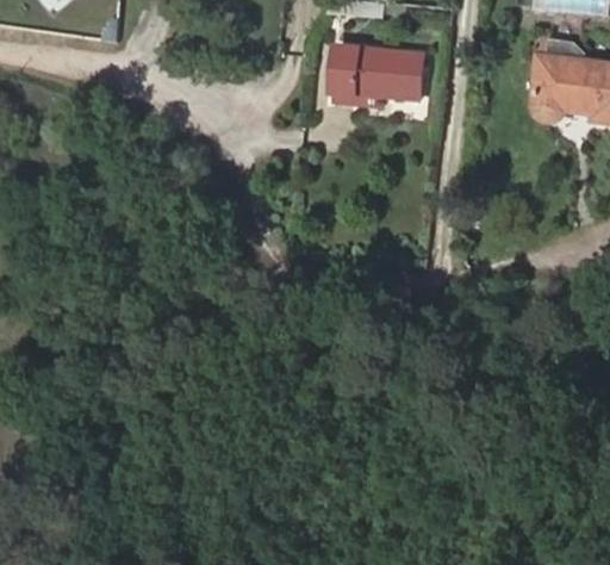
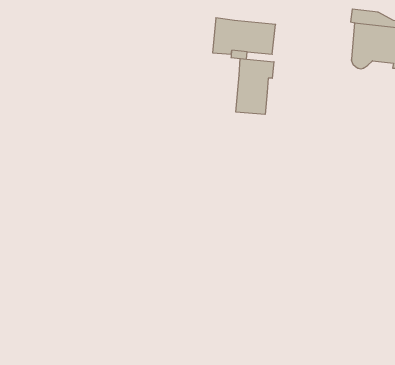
building: none -> [236,59,274,114]

